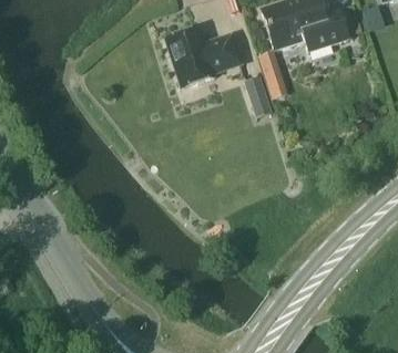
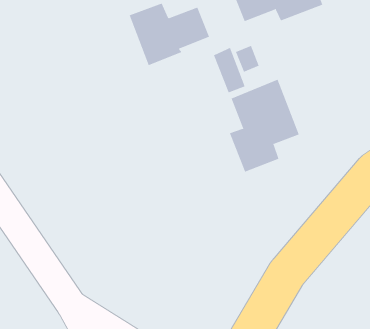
building: none -> [229,79,299,173]

